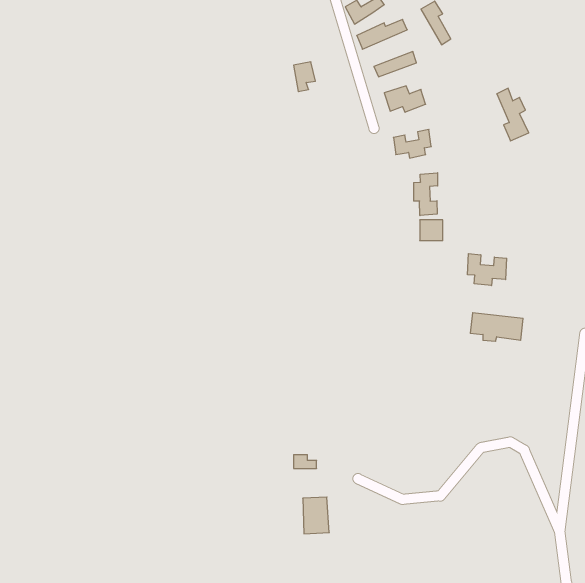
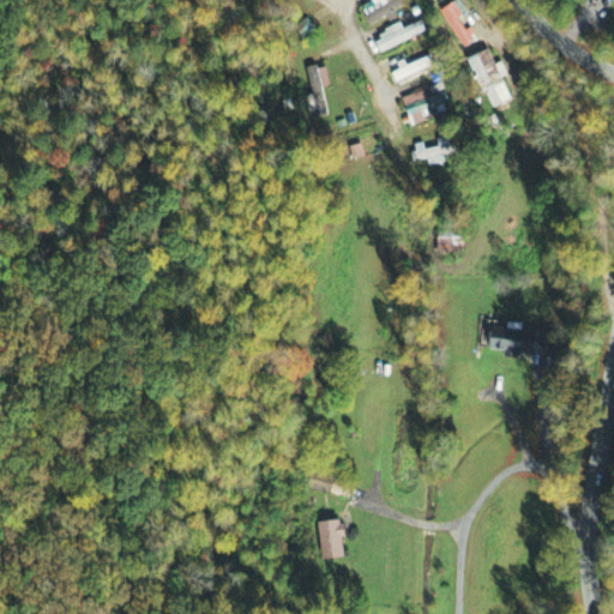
building: [497,88,529,141] -> [478,52,512,107]
building: [414,173,438,216] -> none
building: [468,254,507,286] -> none

